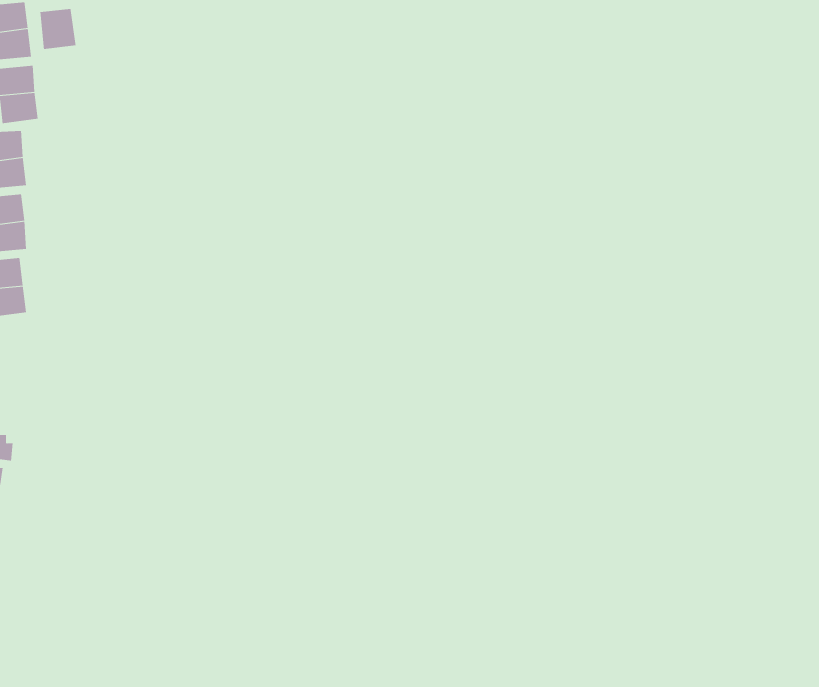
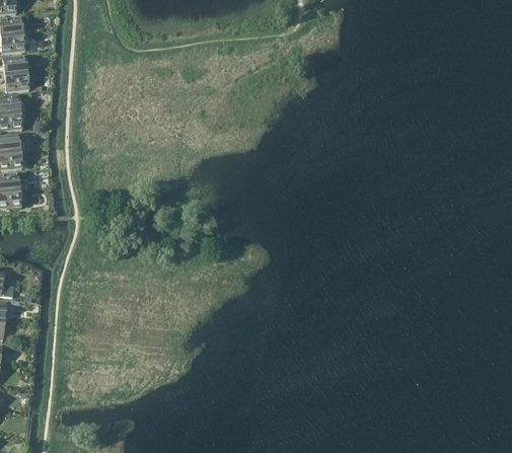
building: [40,8,76,50] -> none

